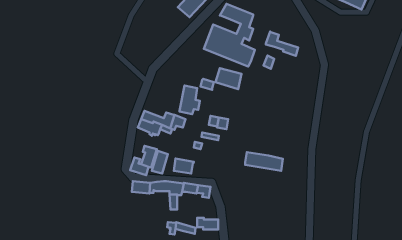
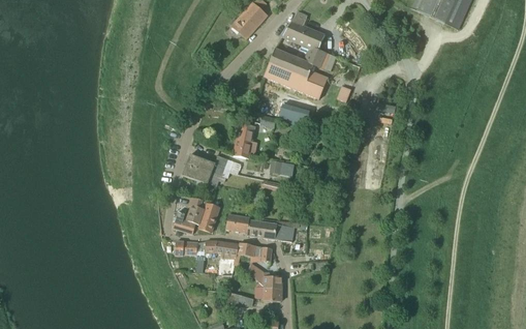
building: [266,31,298,56] -> none
building: [245,152,283,171] -> [248,219,295,242]
building: none -> [247,264,281,289]

